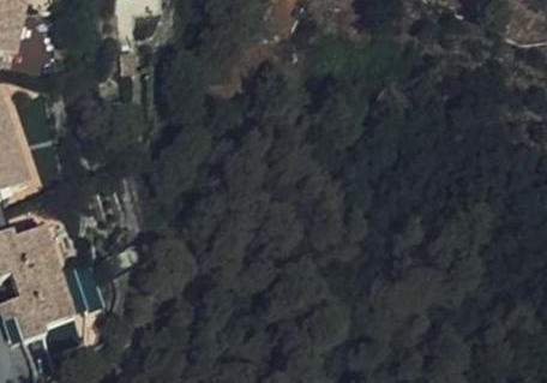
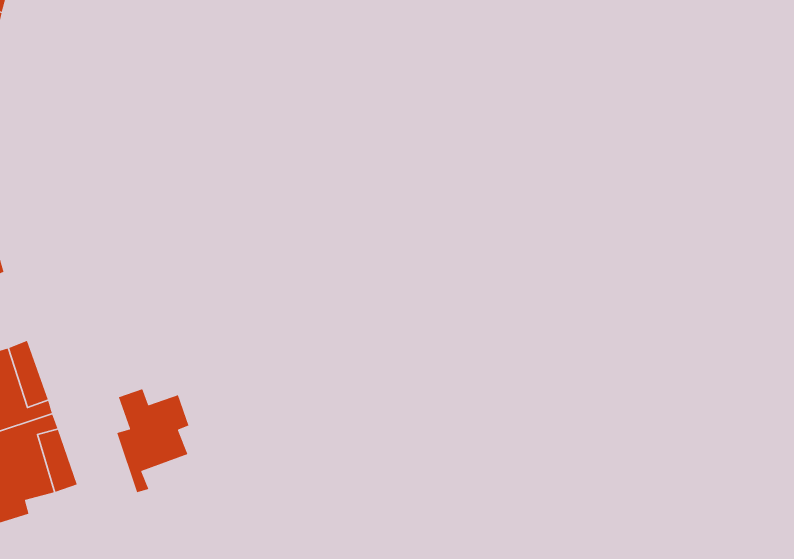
building: none -> [116,388,190,493]

